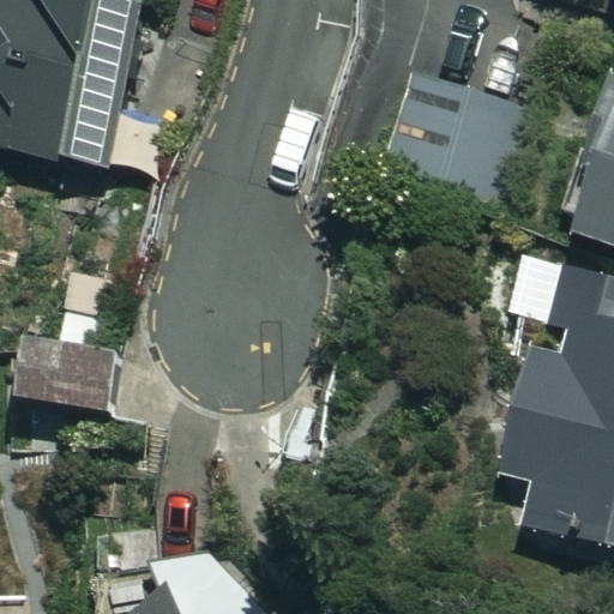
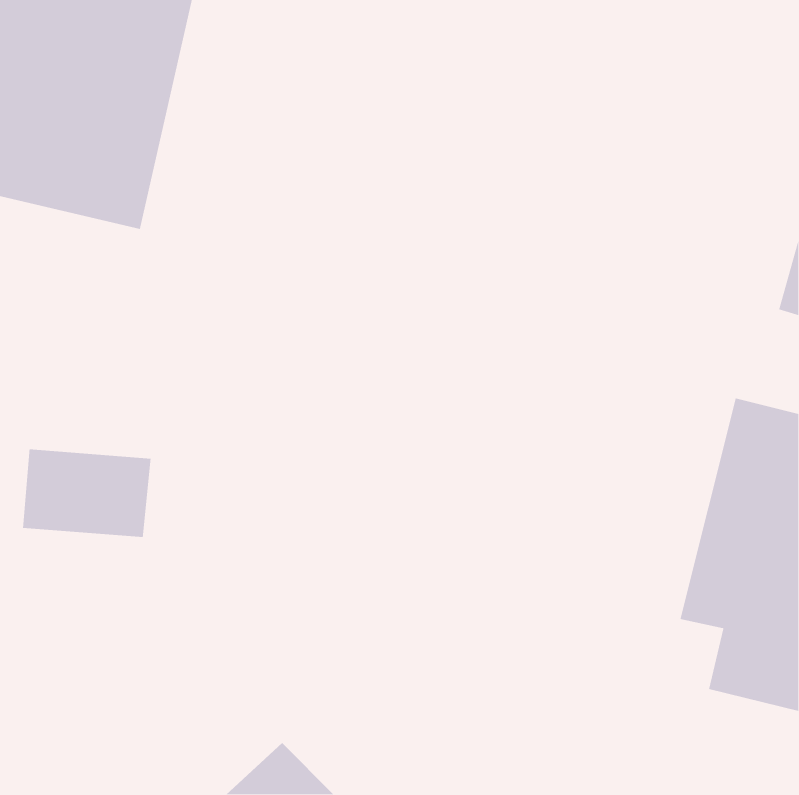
building: [390,74,511,188] -> none

